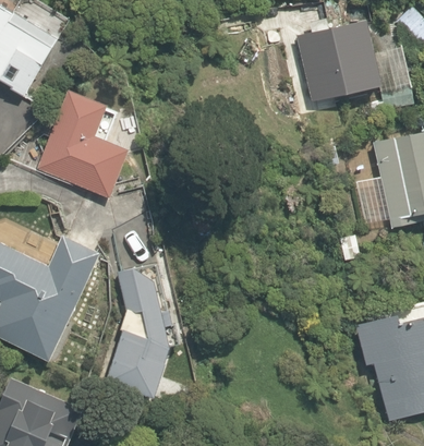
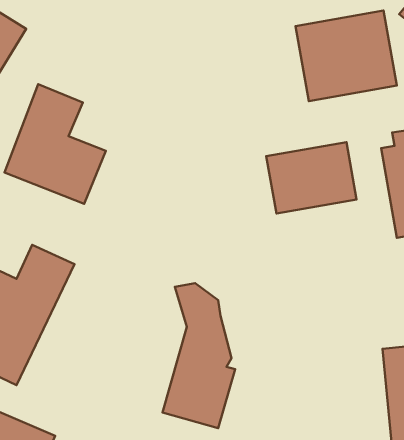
building: none -> [266,142,357,214]
building: [102,265,168,396] -> [163,283,235,428]

